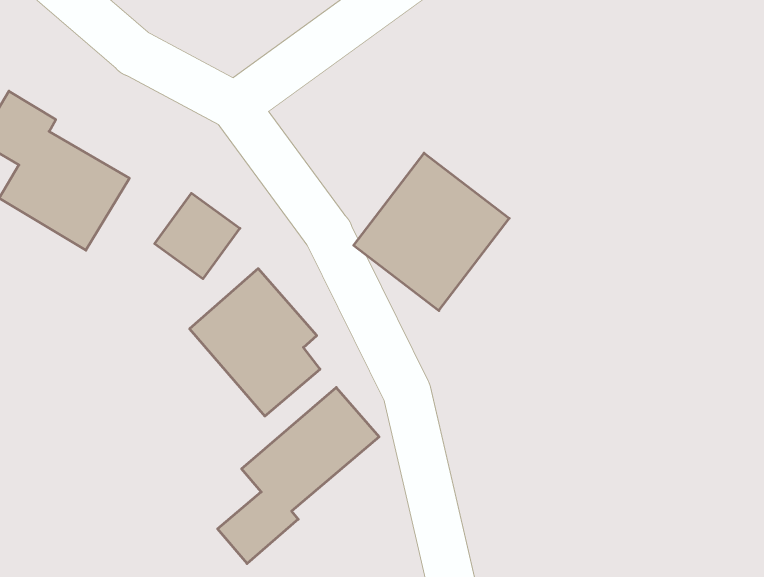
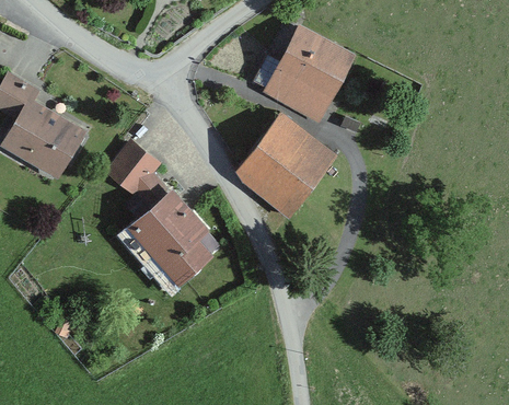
building: none -> [265,26,355,124]
building: [218,387,379,564] -> none

